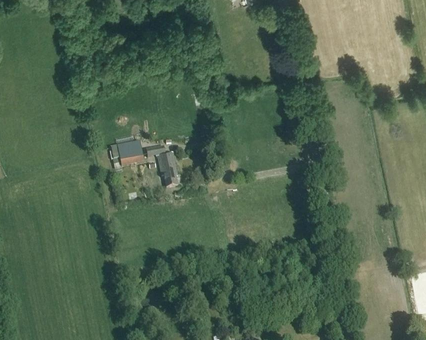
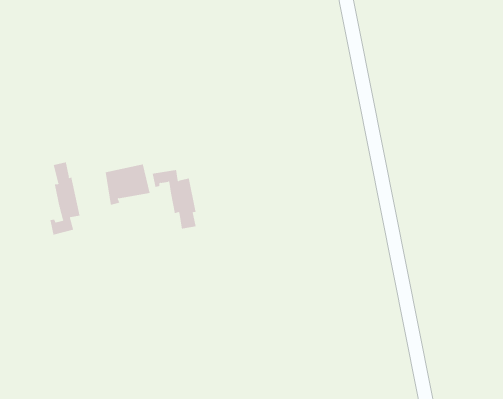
building: none -> [50,161,80,236]

